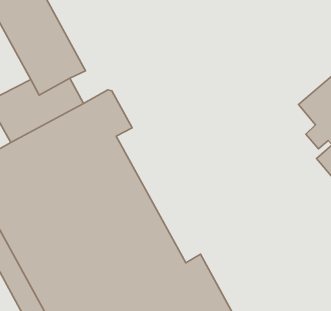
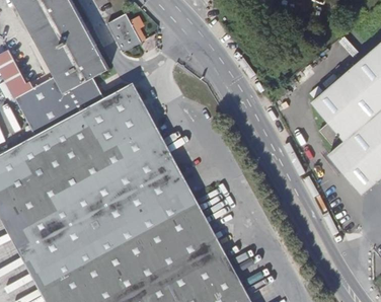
building: none -> [107,13,141,52]
building: none -> [138,124,219,253]

